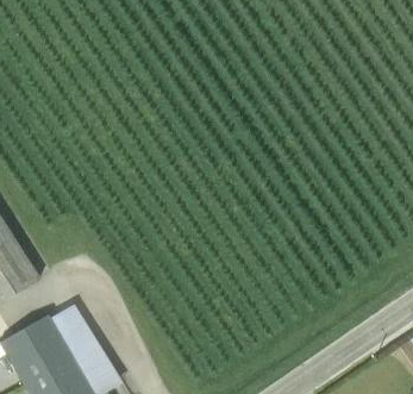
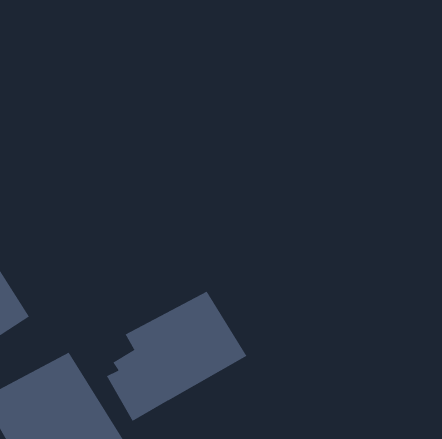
building: none -> [106,291,247,422]

